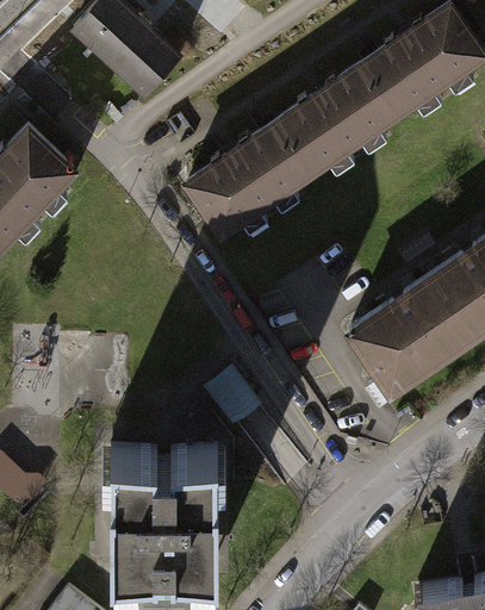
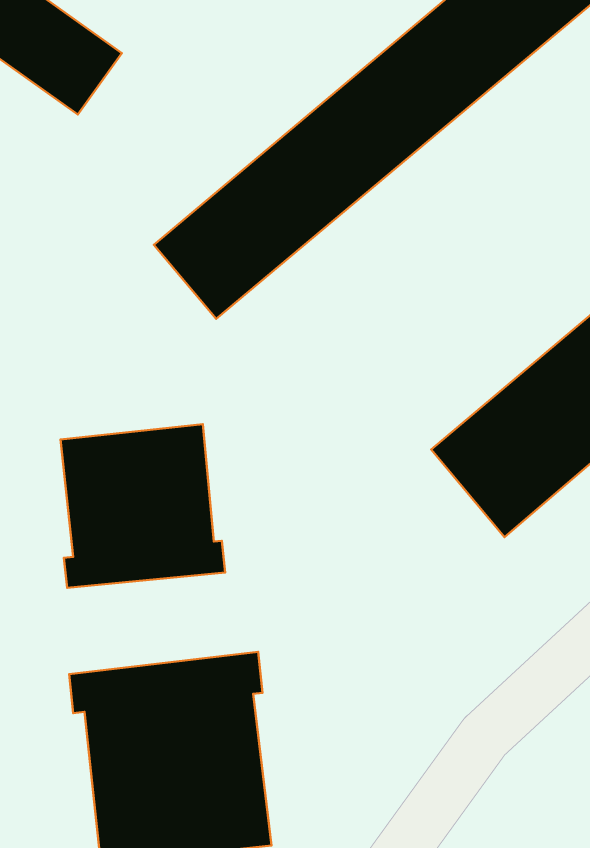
building: none -> [60,424,225,588]

